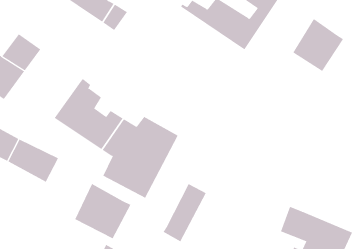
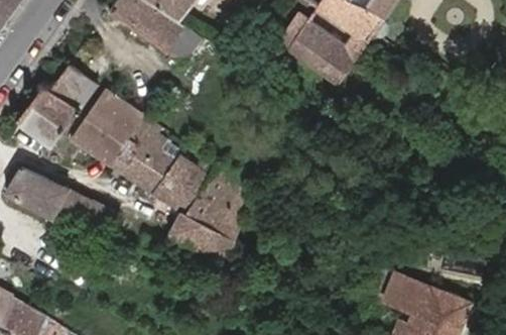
building: [293,18,344,72] -> none
building: none -> [72,97,141,166]
building: [75,183,131,239] -> none
building: [163,183,206,242] -> none

